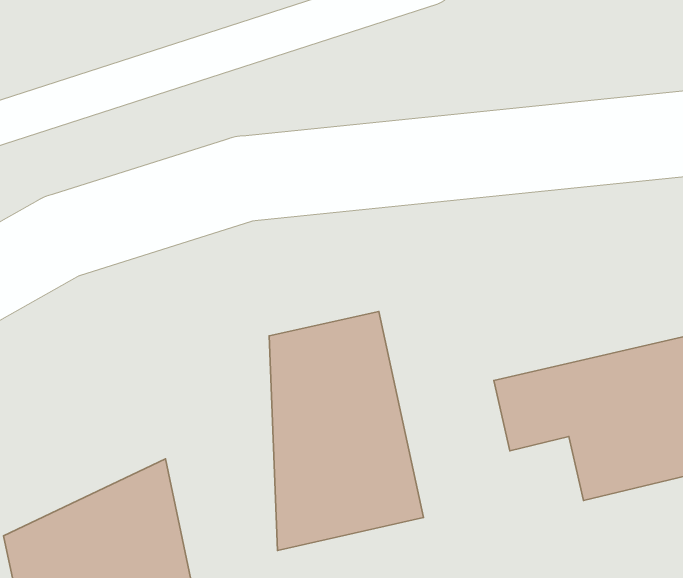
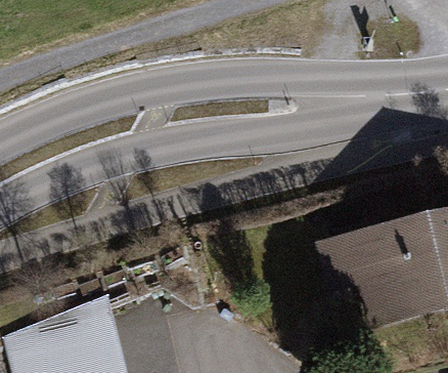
building: [269,312,423,551] -> none

